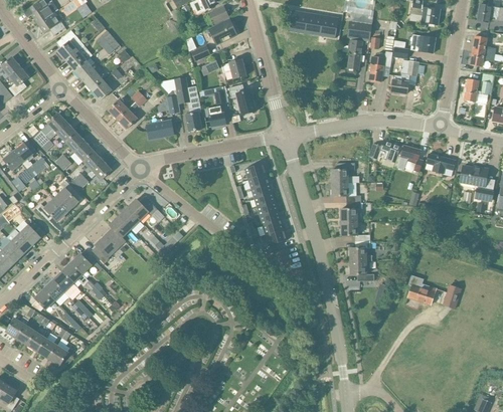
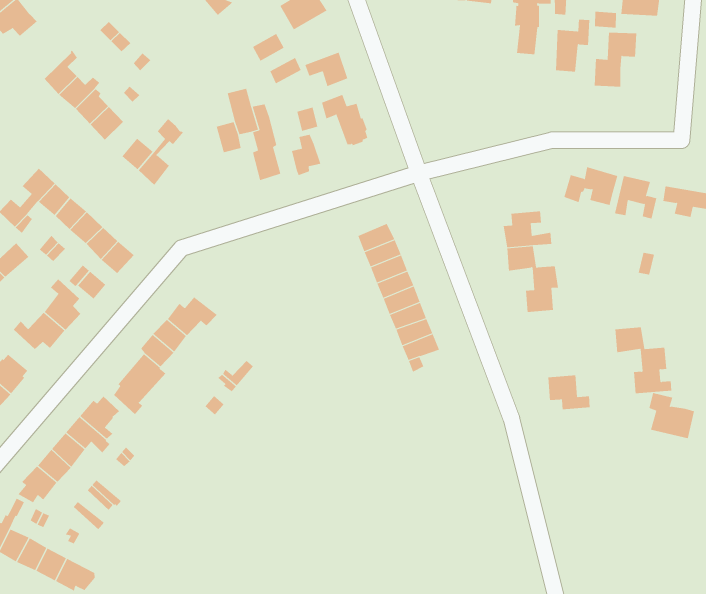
building: [56,29,82,60] -> none
building: [146,118,173,139] -> none
building: [340,221,371,260] -> [615,327,672,394]

